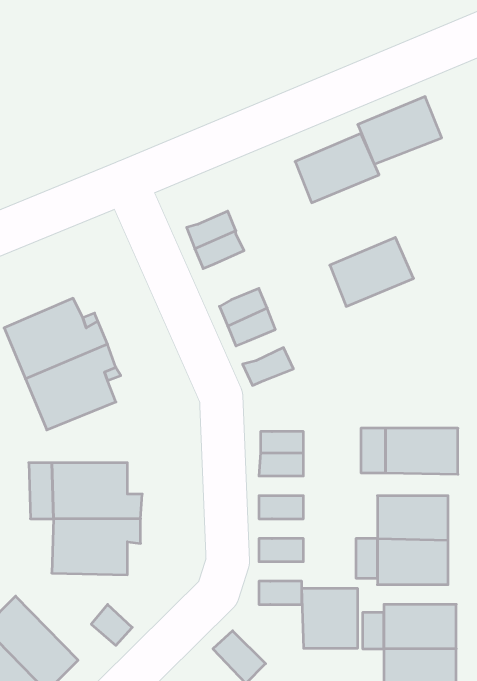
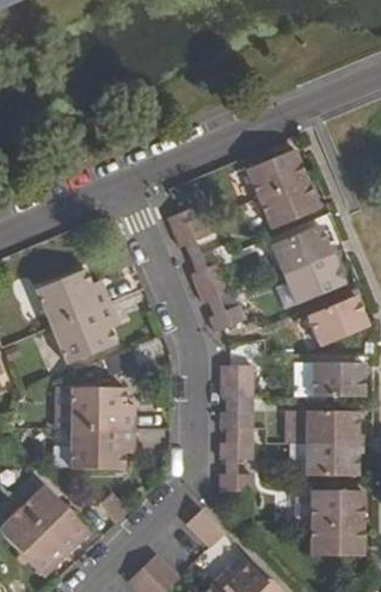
building: [358,97,442,164] -> [258,179,319,228]
building: none -> [283,254,344,304]
building: none -> [307,296,368,346]
building: [302,588,357,648] -> none

